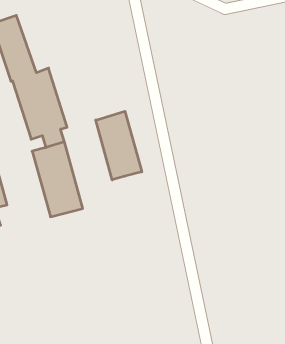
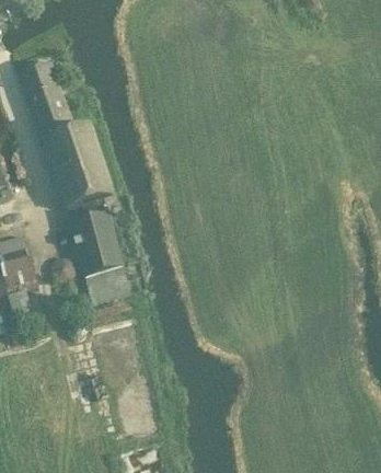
building: [96,111,142,180] -> none

